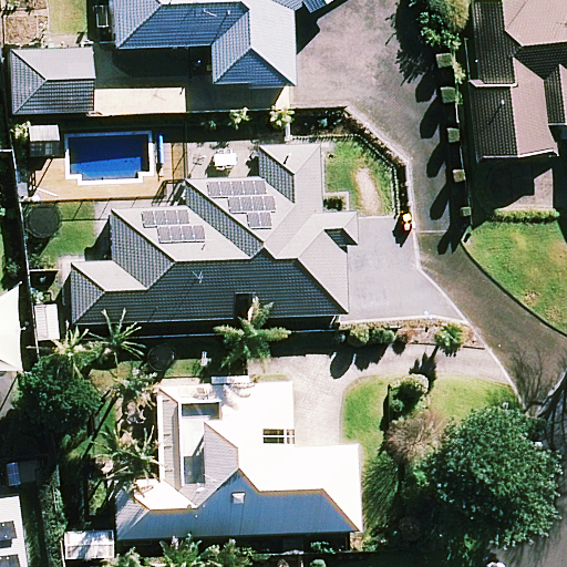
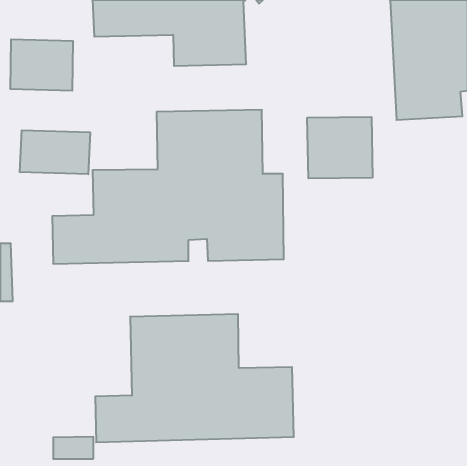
building: none -> [307,117,372,178]
building: none -> [20,130,90,174]

